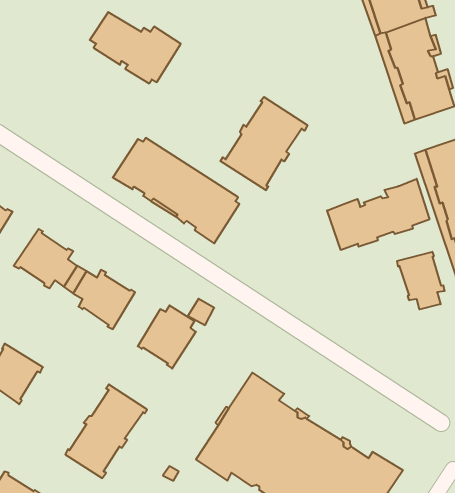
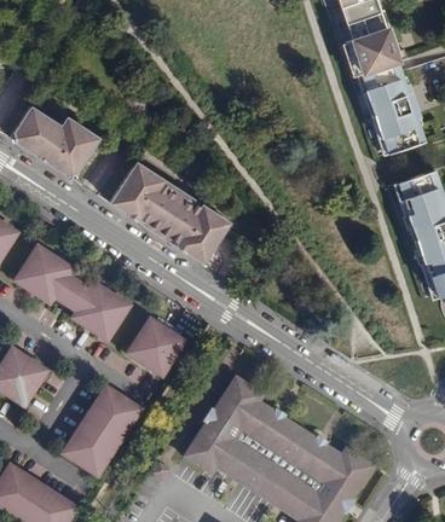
building: [90,12,181,83] -> [12,106,96,172]
building: [220,97,307,190] -> none
building: [327,179,429,250] -> none
building: [397,252,445,309] -> none

